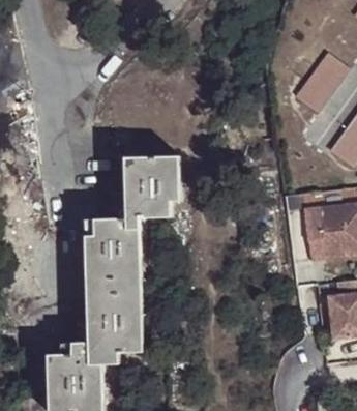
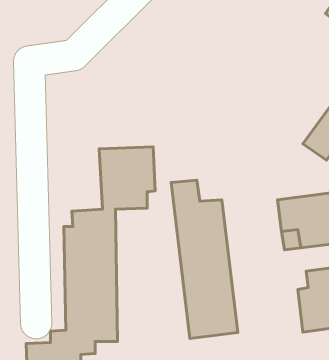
building: [295,53,350,114] -> none
building: none -> [171,180,238,339]

